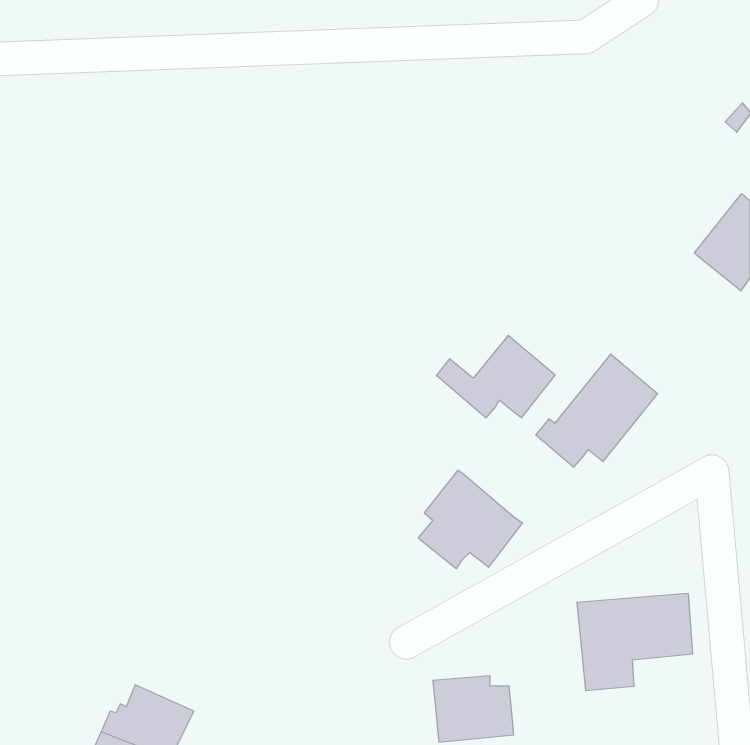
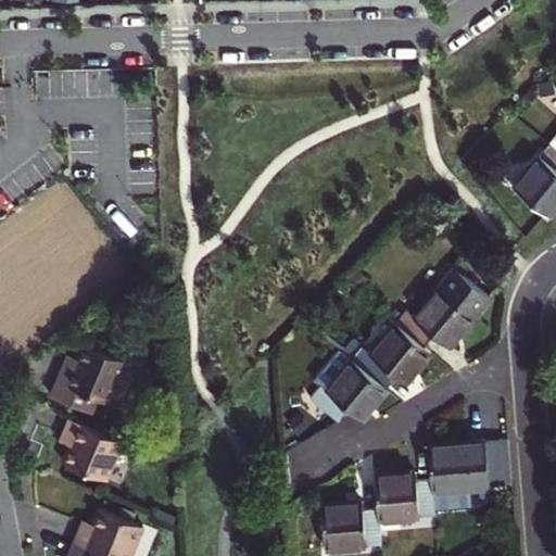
building: [436,335,555,418] -> [343,326,431,387]
building: none -> [51,345,127,415]
building: none -> [62,421,123,482]
building: none -> [374,476,433,523]

